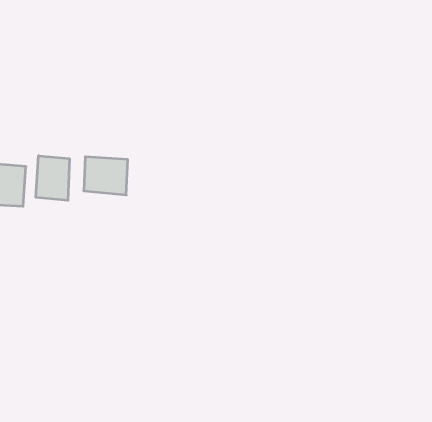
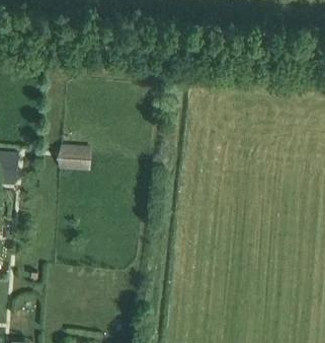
building: [36,156,69,200] -> none

